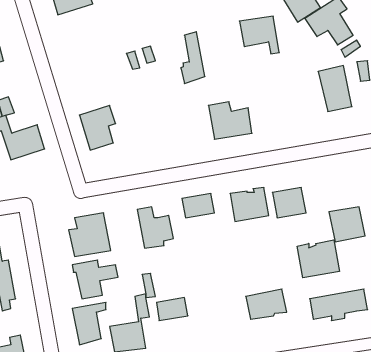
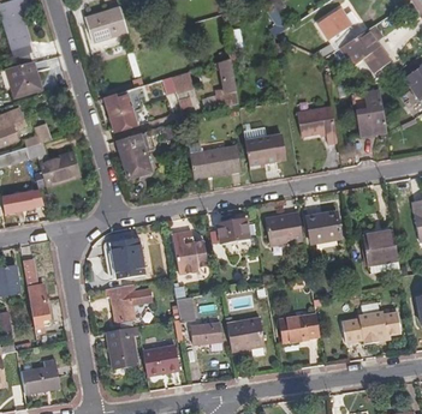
building: [239,16,279,54] -> [298,106,338,143]
building: none -> [103,88,141,131]
building: none -> [191,145,240,178]
building: [297,240,339,278] -> none
building: none -> [227,318,266,352]

